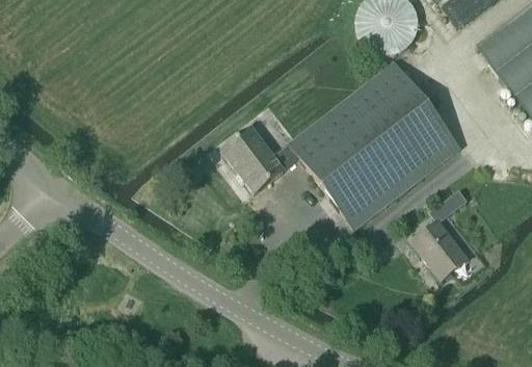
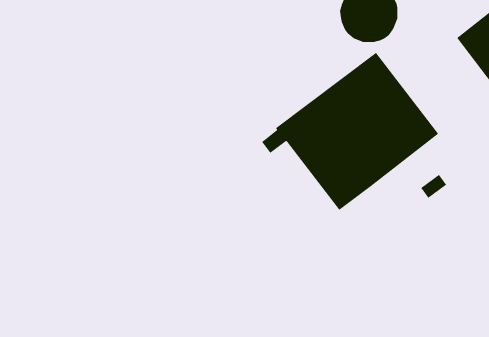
building: [222,128,285,192] -> none
building: [413,220,468,280] -> none

